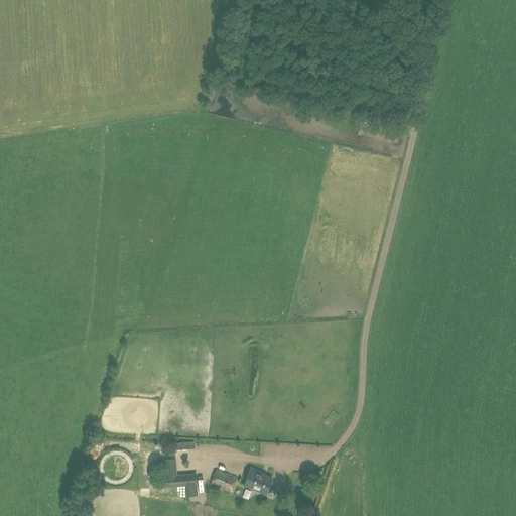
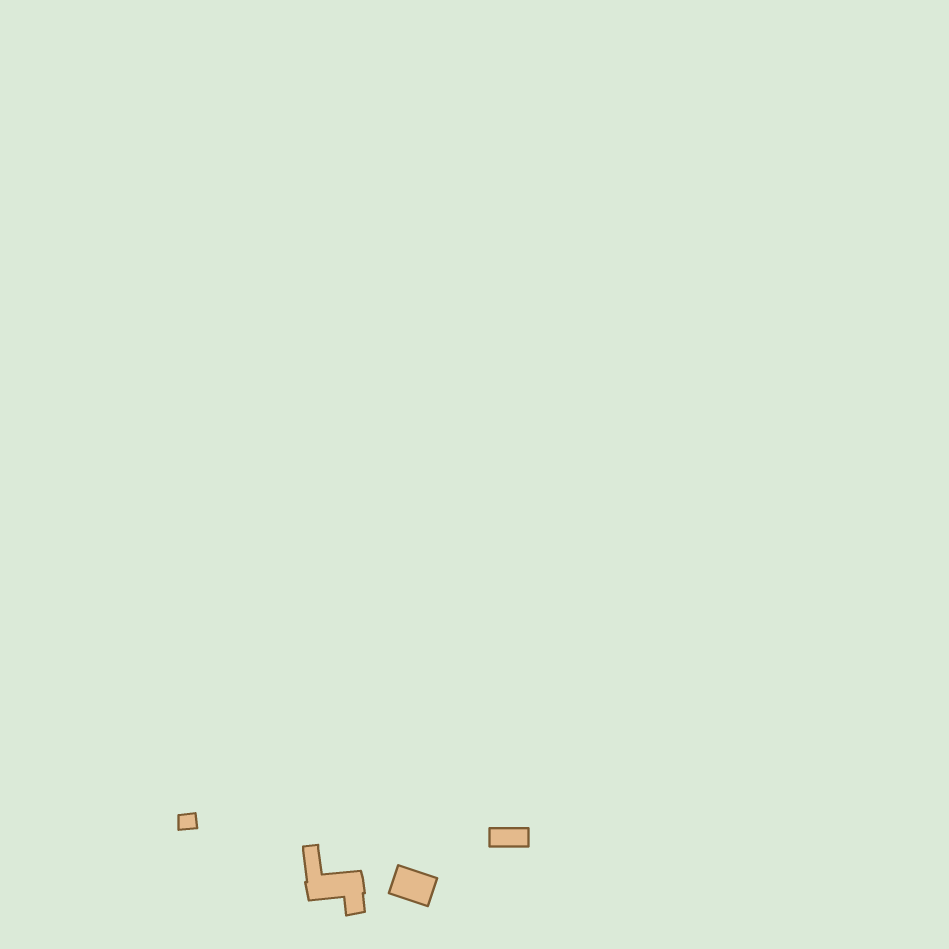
building: [245,467,272,492] -> none

